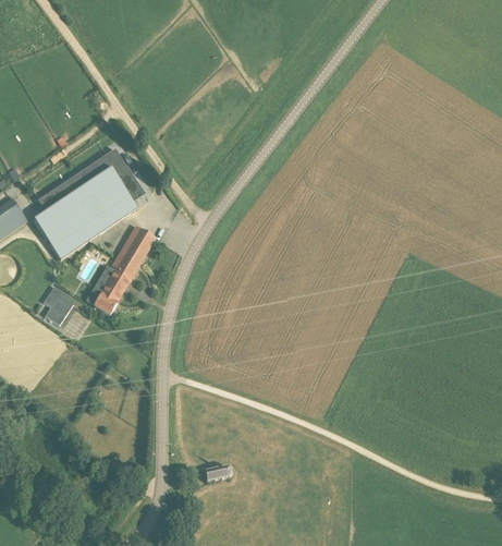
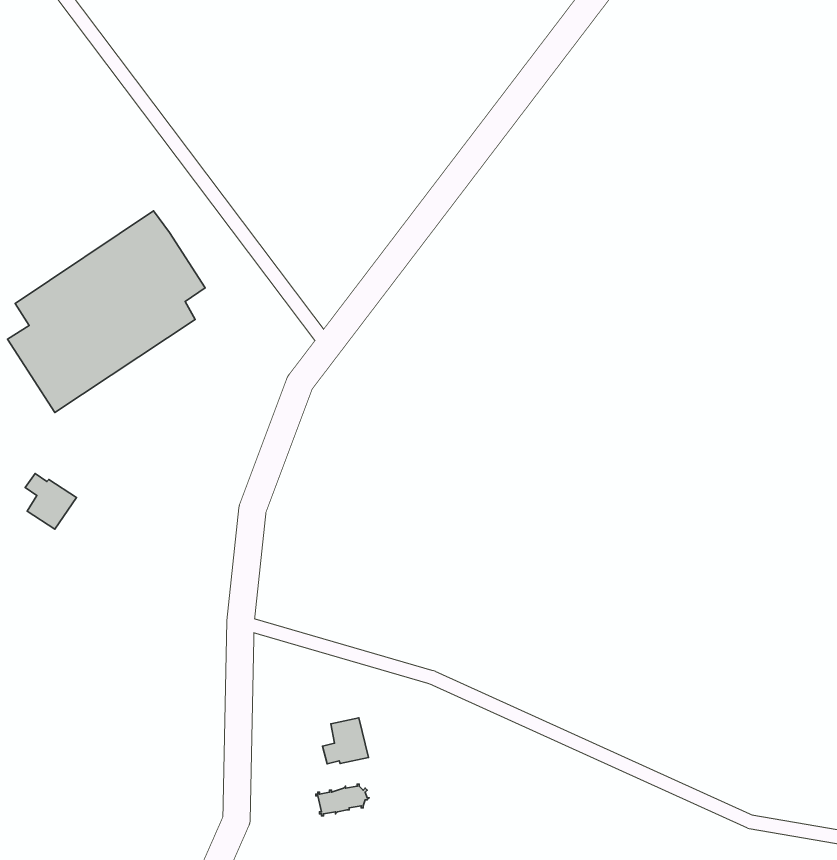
building: [86,225,155,314] -> none
building: none -> [323,718,368,764]

